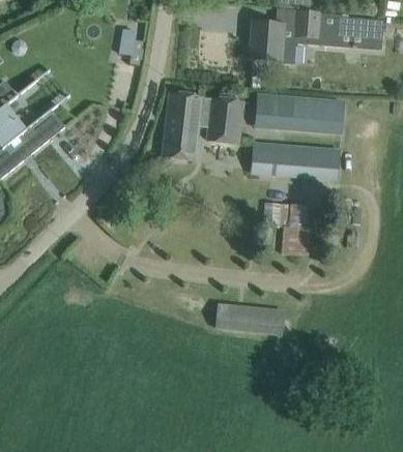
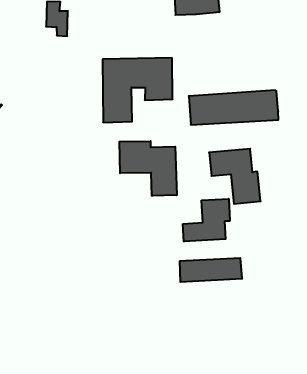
building: [254,94,344,130] -> none
building: none -> [119,141,177,196]
building: none -> [183,199,230,242]

